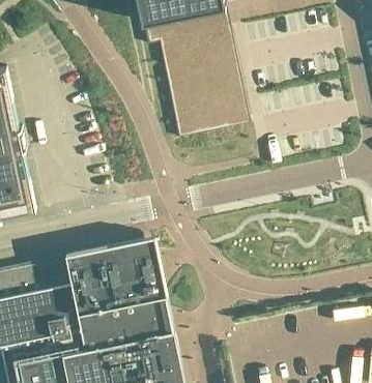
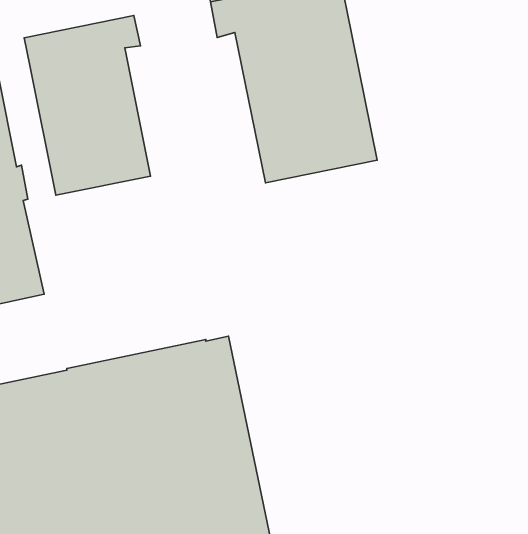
building: none -> [24,16,151,195]

